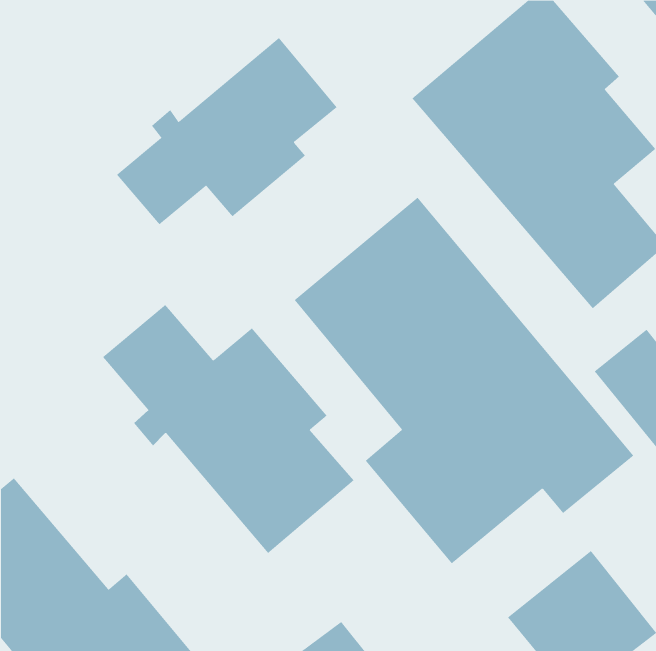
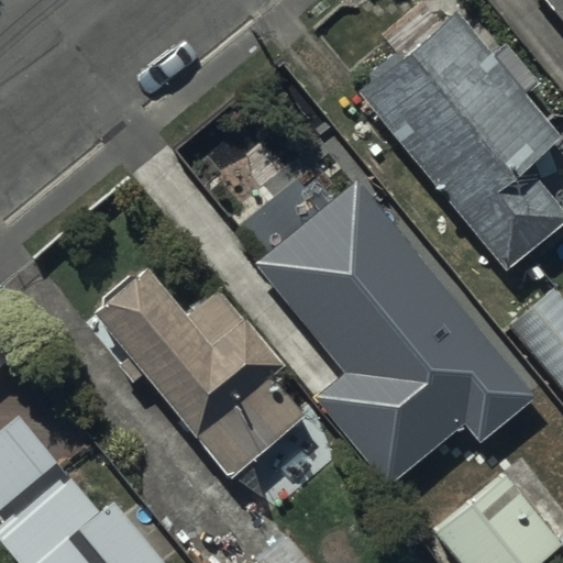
building: [116,37,337,225] -> none

